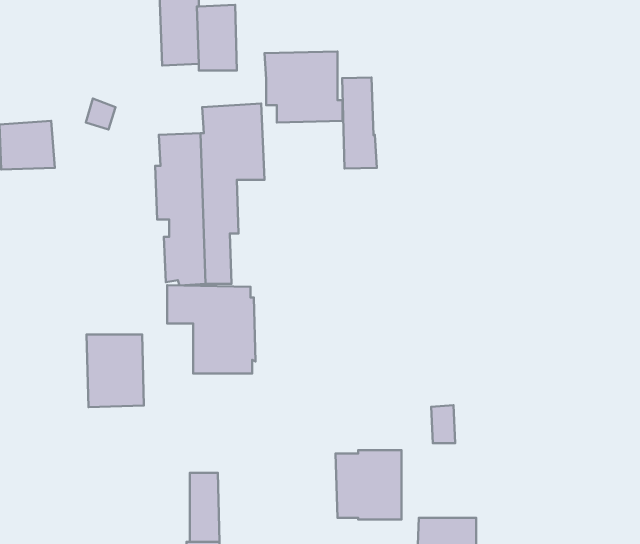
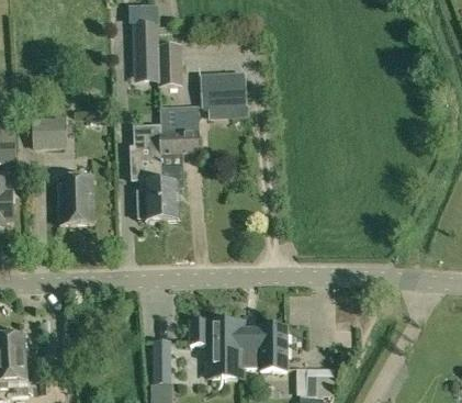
building: [342,78,377,169] -> none
building: [167,285,256,374] -> [190,320,246,376]
building: [87,334,144,407] -> [58,177,94,223]

